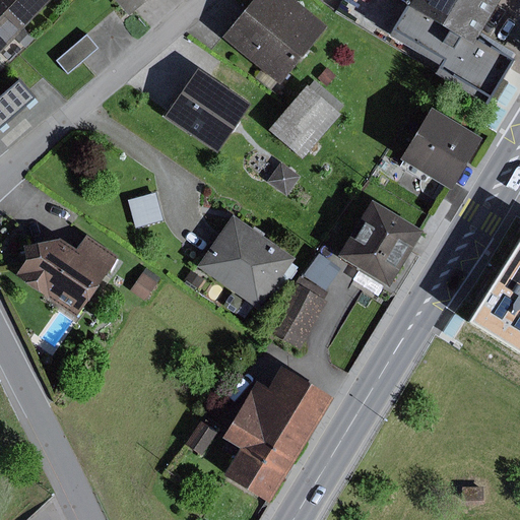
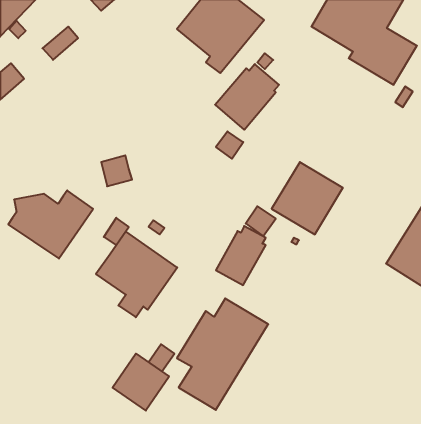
building: [171,70,255,152] -> none
building: [396,105,479,188] -> none
building: [196,213,296,318] -> [96,232,177,317]
building: none -> [113,354,169,411]

